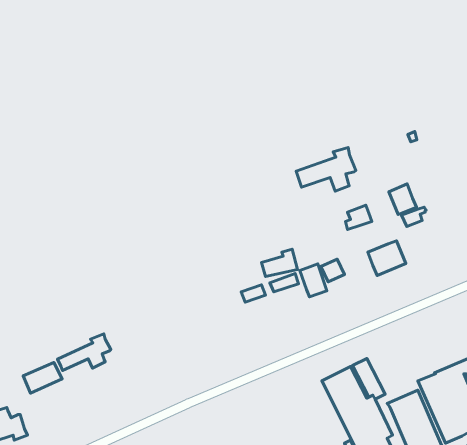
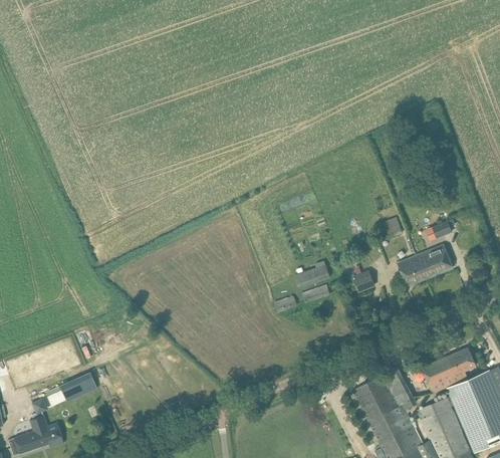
building: [296,147,356,191] -> none
building: [389,184,417,214] -> [426,244,453,274]
building: [300,264,327,297] -> none
building: [57,334,111,370] -> none
building: none -> [422,348,476,393]

